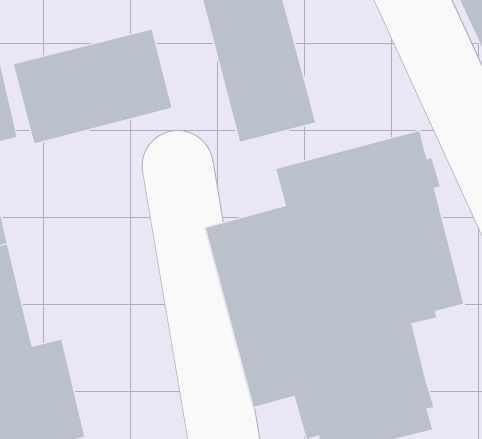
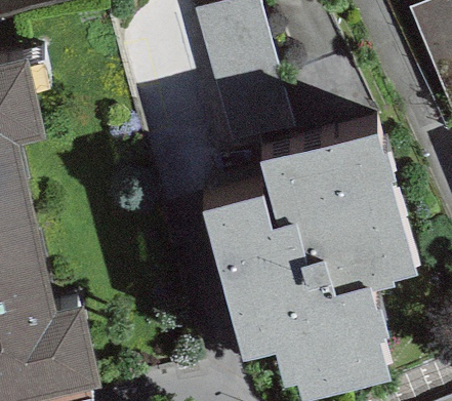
building: [13,29,172,144] -> none

